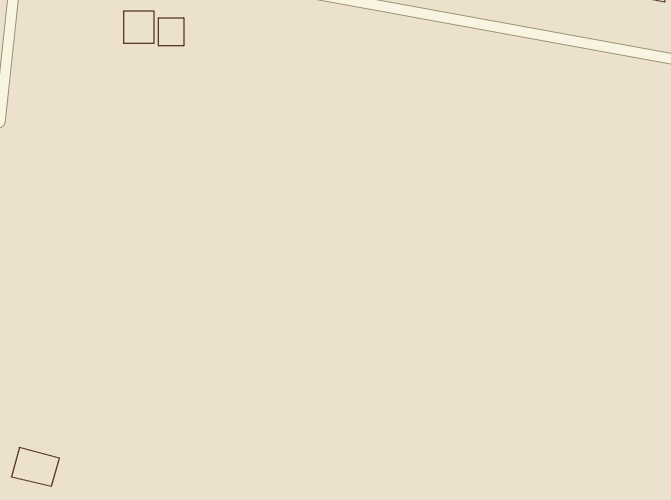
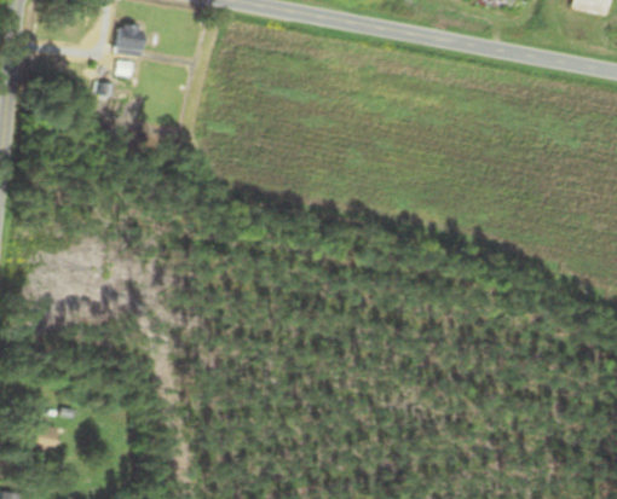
building: [159,18,184,46] -> none

